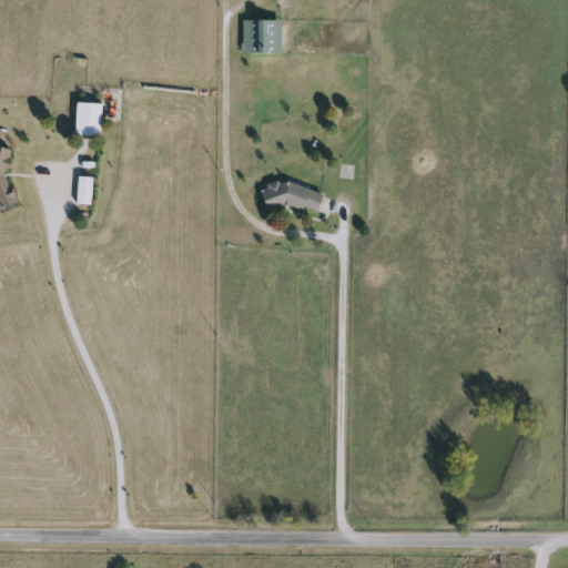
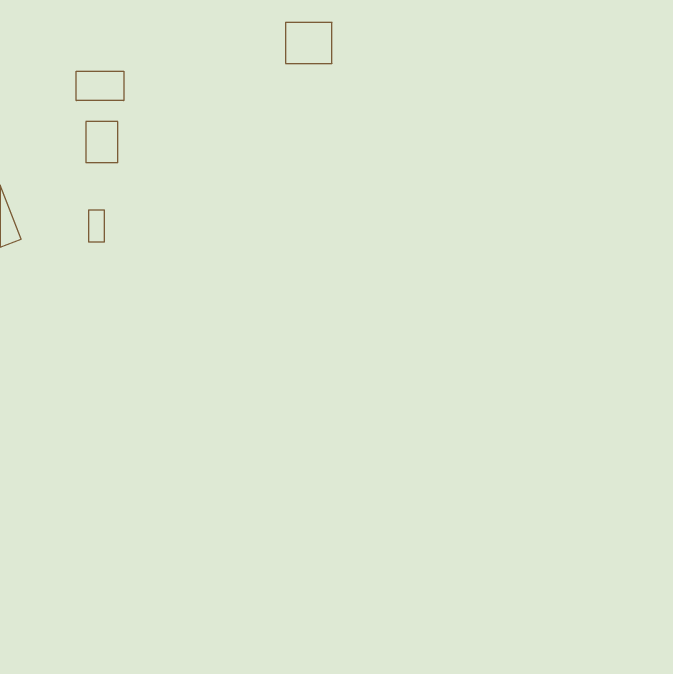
building: none -> [76,71,124,101]
building: [263,178,323,215] -> none

